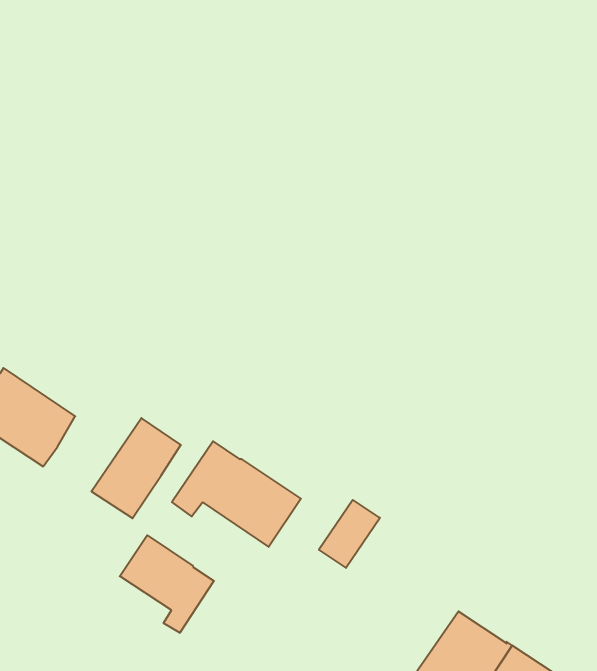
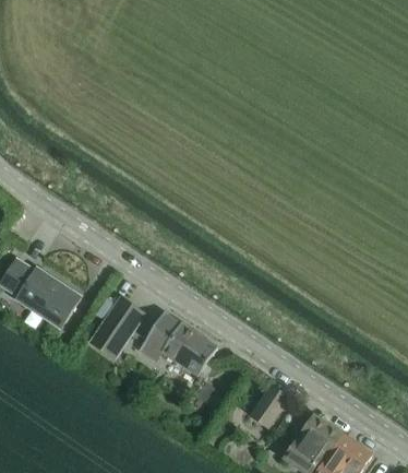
building: [319,500,380,568] -> [251,386,288,427]
building: [120,535,214,633] -> none

